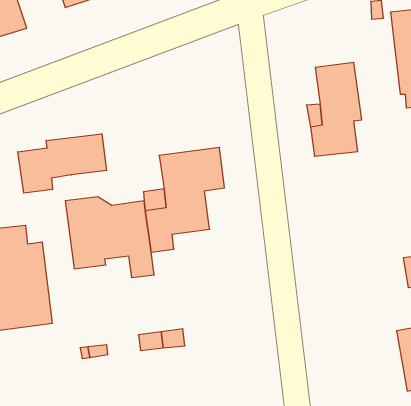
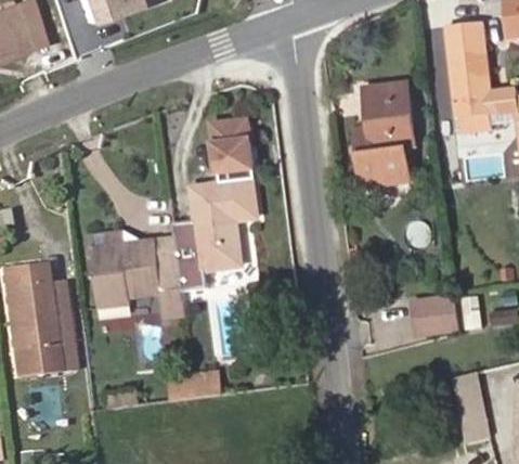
building: none -> [209,116,258,172]
building: [18,134,107,193] -> none
building: none -> [411,297,455,336]

